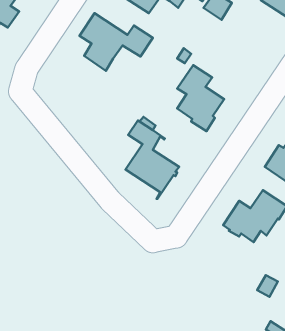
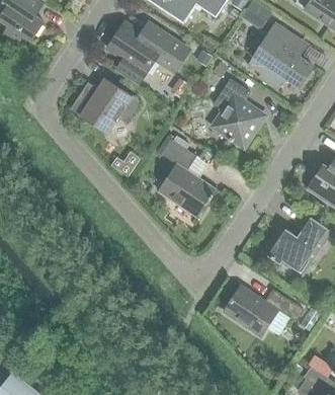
building: none -> [248,23,313,90]
building: none -> [70,78,142,134]
building: none -> [224,285,304,336]

